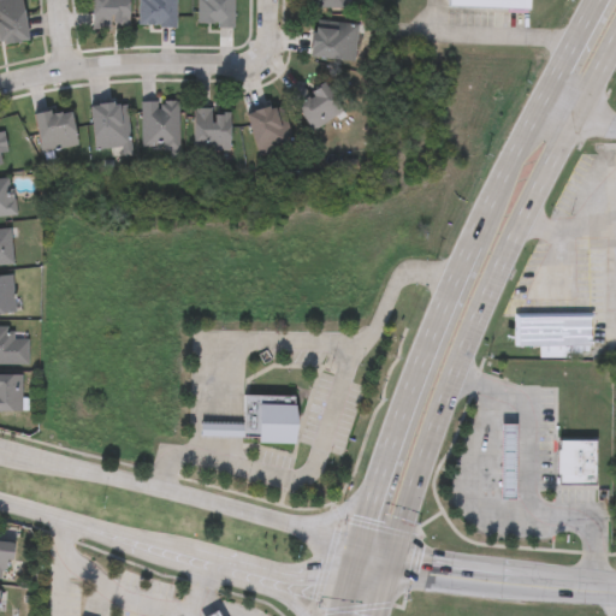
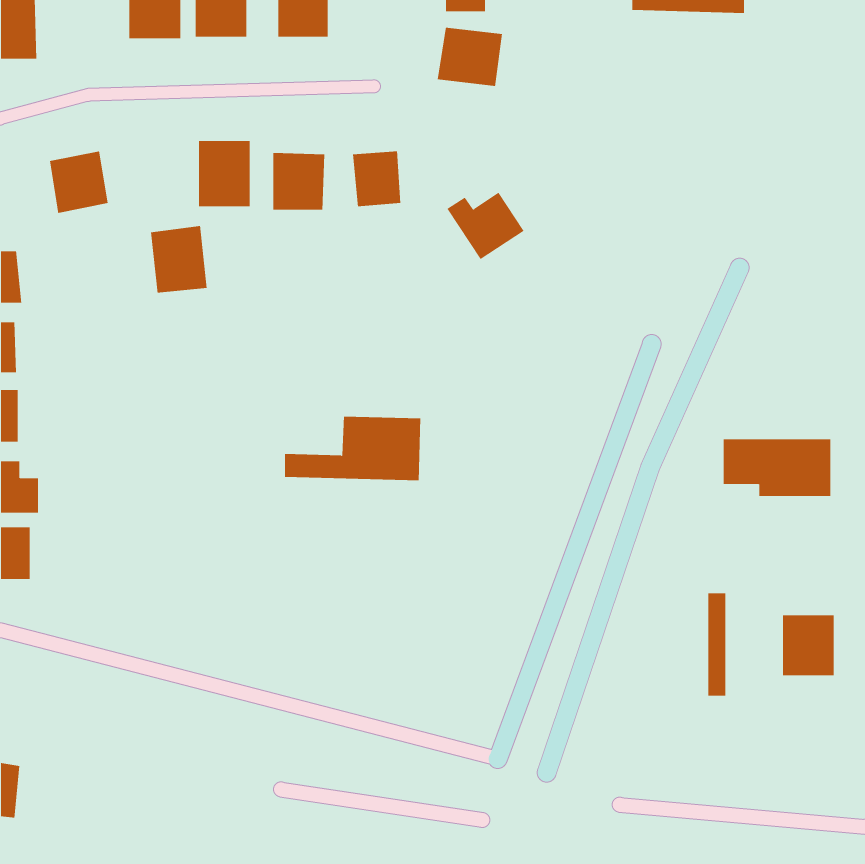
building: [289,82,344,130] -> [446,192,524,260]
building: [90,101,131,149] -> [150,226,208,293]
building: [201,396,298,442] -> [284,416,421,481]

